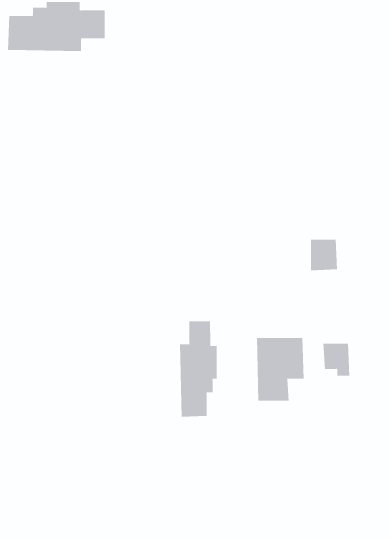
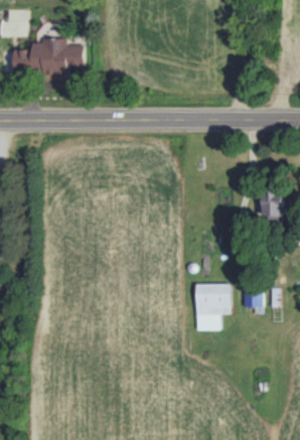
building: [310,239,338,271] -> [263,193,283,216]
building: [180,320,217,418] -> none

